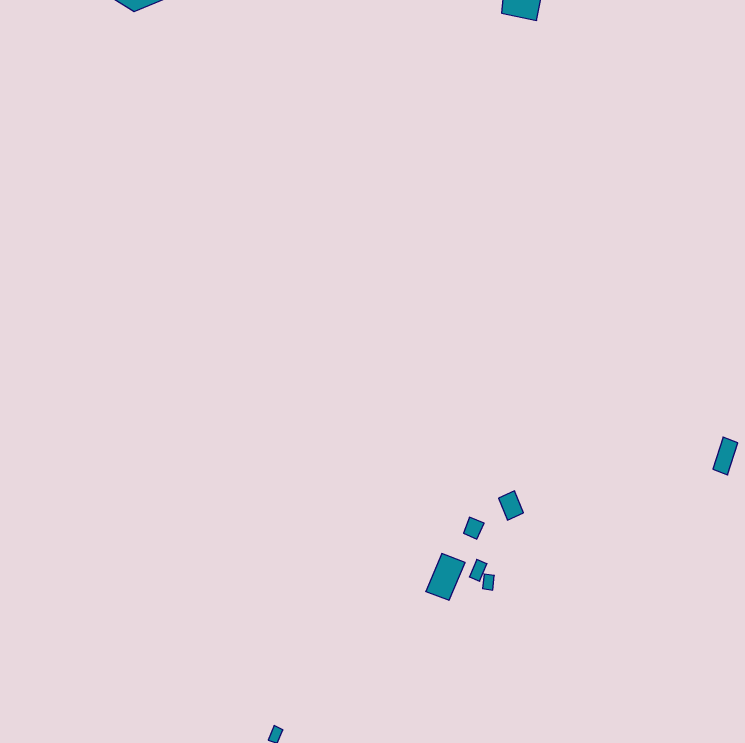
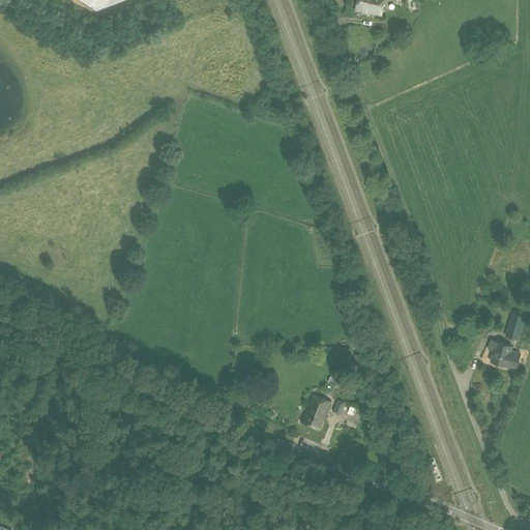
building: none -> [489,338,519,366]

